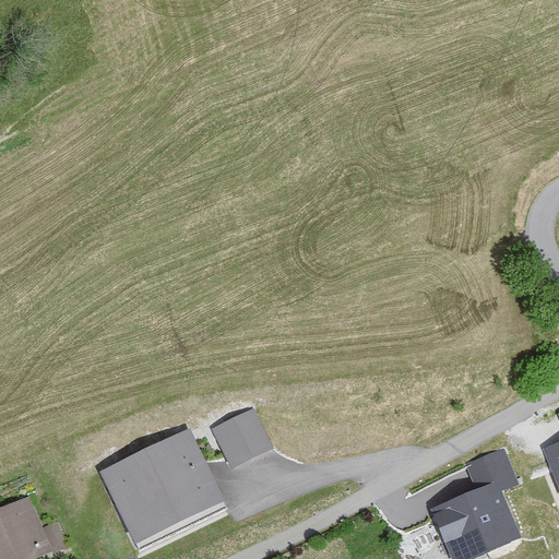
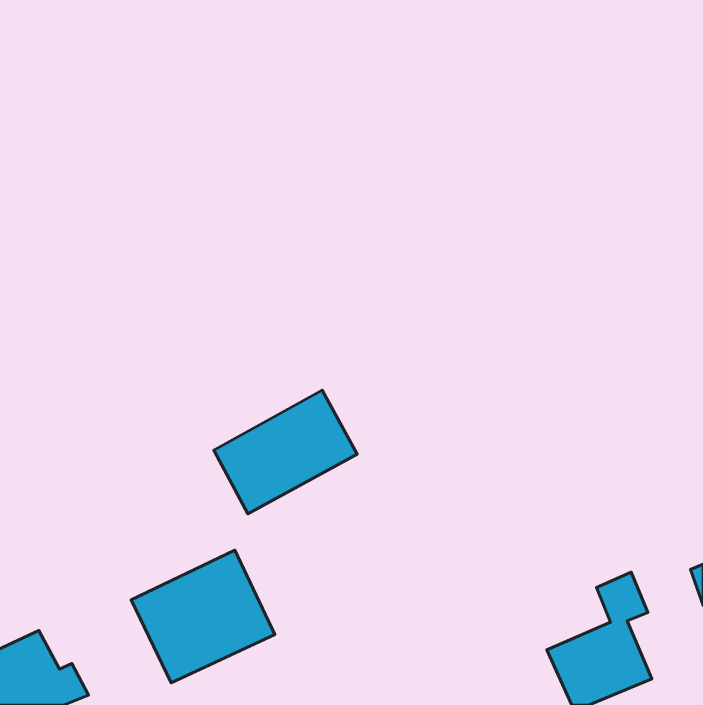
building: none -> [214,390,357,514]
building: [215,412,266,463] -> none

